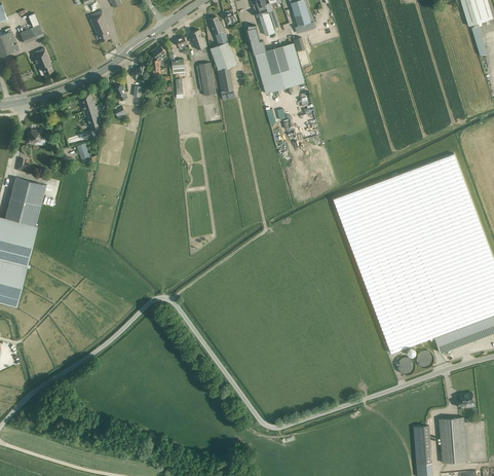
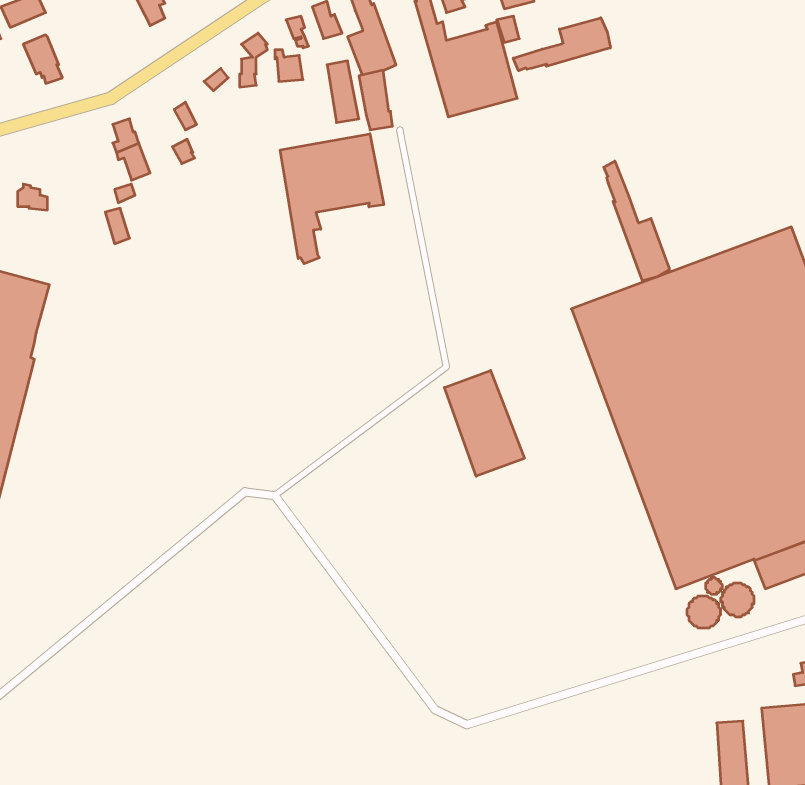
building: none -> [513,18,610,71]
building: none -> [280,134,384,264]
building: none -> [604,161,669,281]
building: none -> [444,370,524,476]

